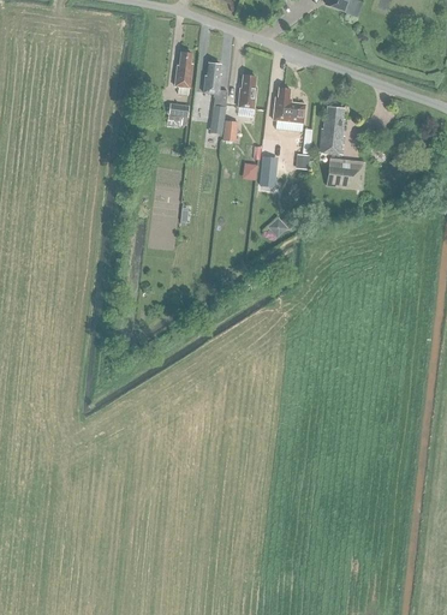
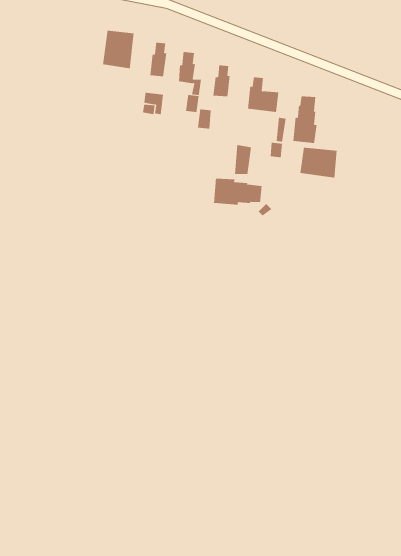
building: none -> [102,30,134,69]
building: none -> [214,178,262,205]

